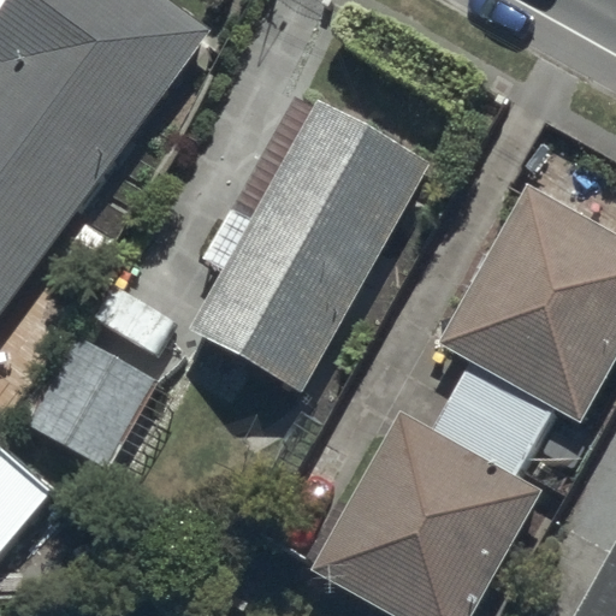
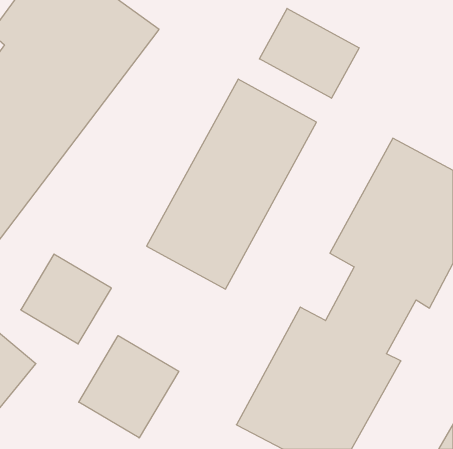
building: none -> [259,8,359,98]
building: none -> [79,336,179,438]

